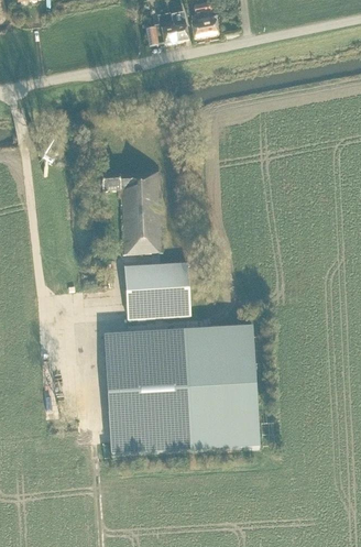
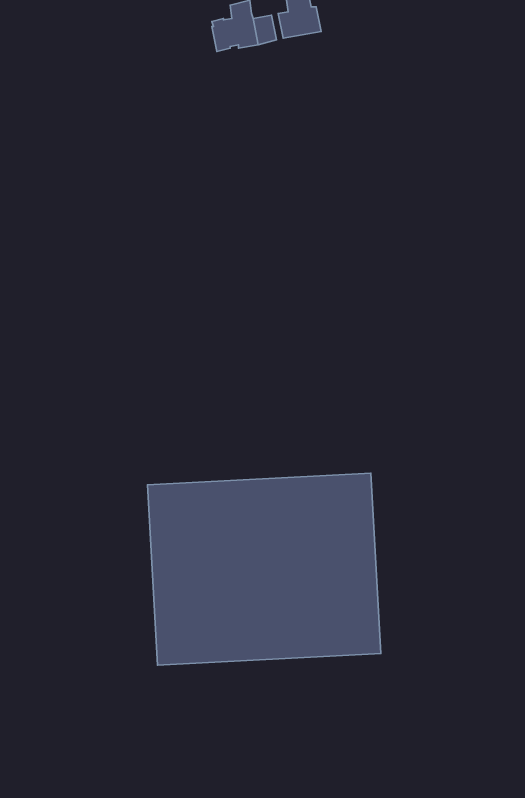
building: [102,169,189,317] -> none

